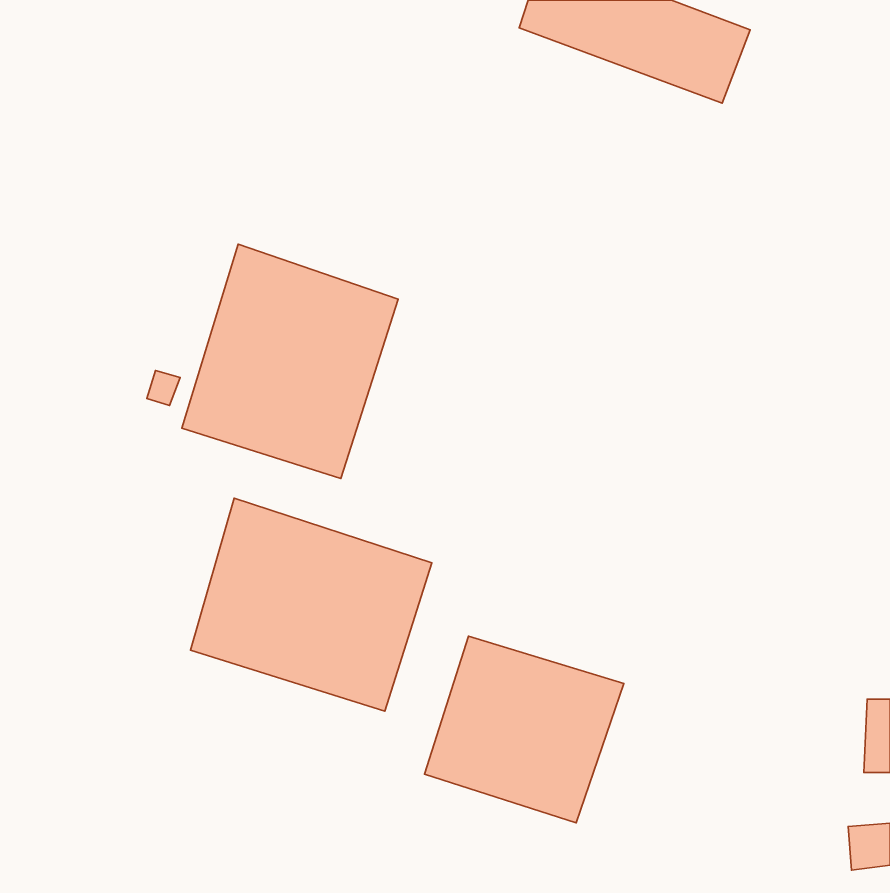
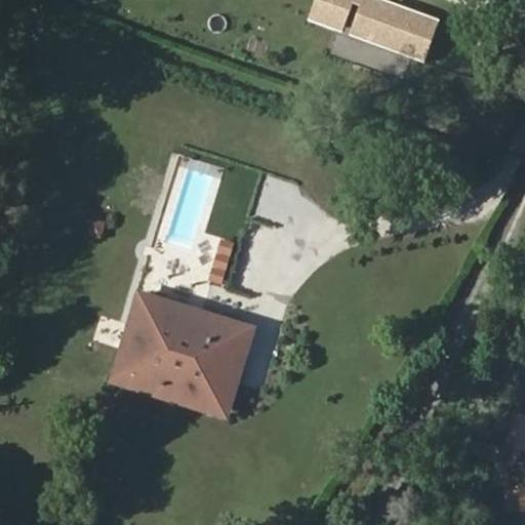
building: [182,244,398,479] -> none
building: [424,636,624,823] -> none

